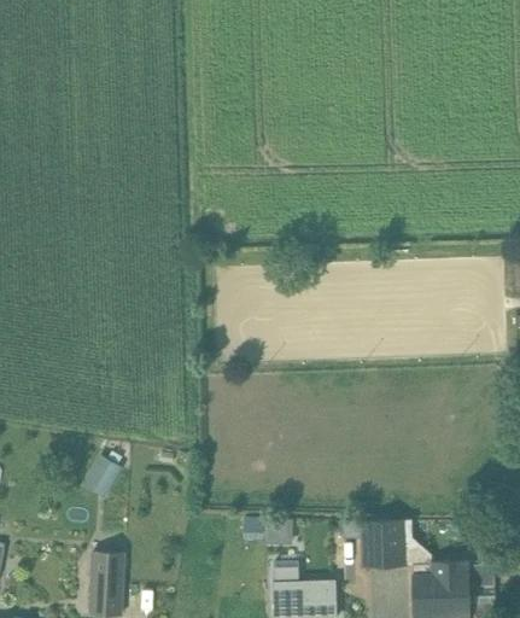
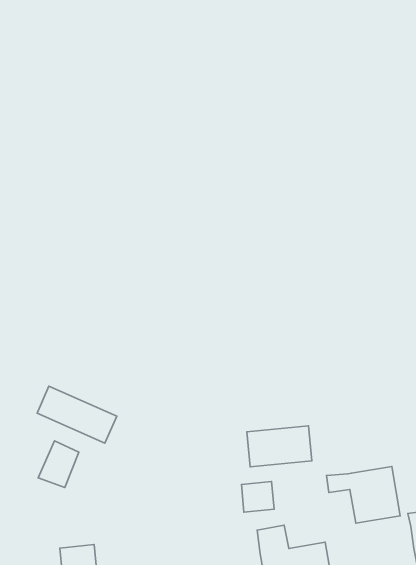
building: none -> [37,386,117,443]
building: none -> [247,426,312,467]

